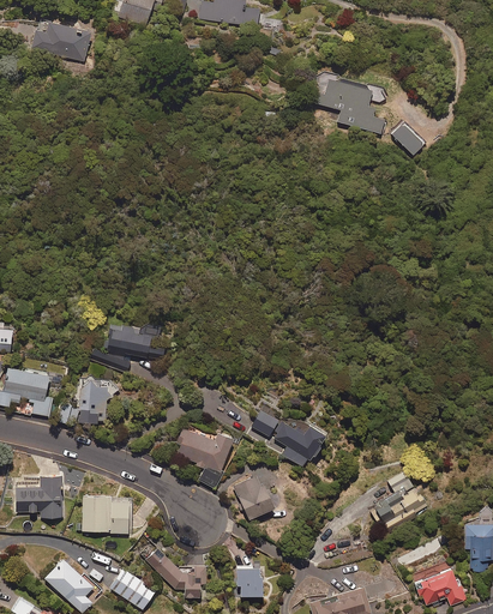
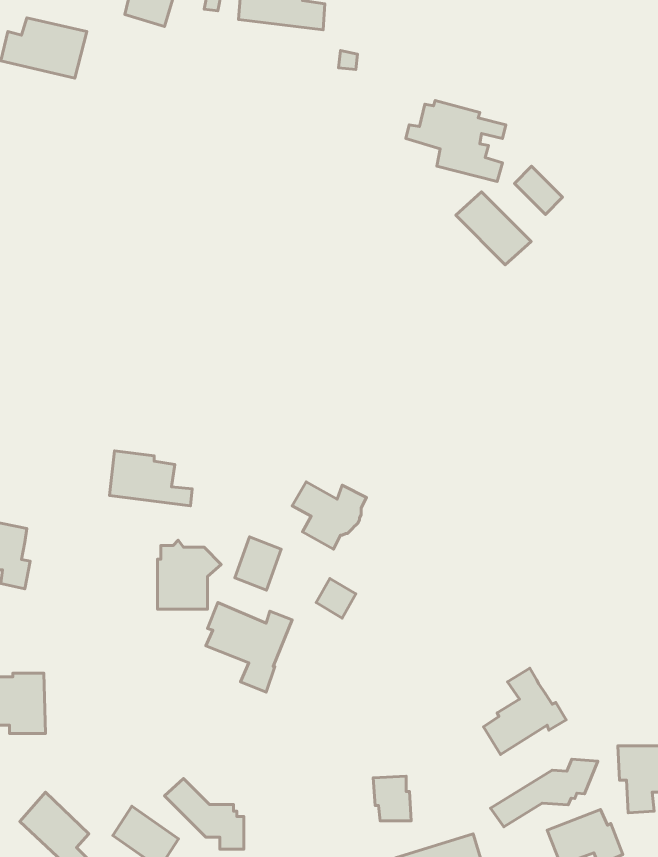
building: none -> [456,192,531,265]
building: [76,373,120,421] -> [158,540,221,609]
building: none -> [235,537,281,590]
building: [273,421,325,468] -> [292,482,366,549]
building: [233,474,276,519] -> none
building: [80,495,131,532] -> none
building: none -> [490,759,598,827]
building: [236,564,263,595] -> [373,776,411,821]

